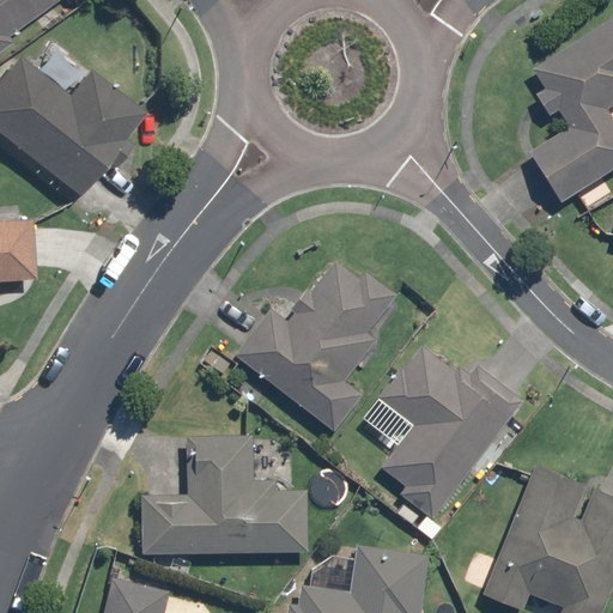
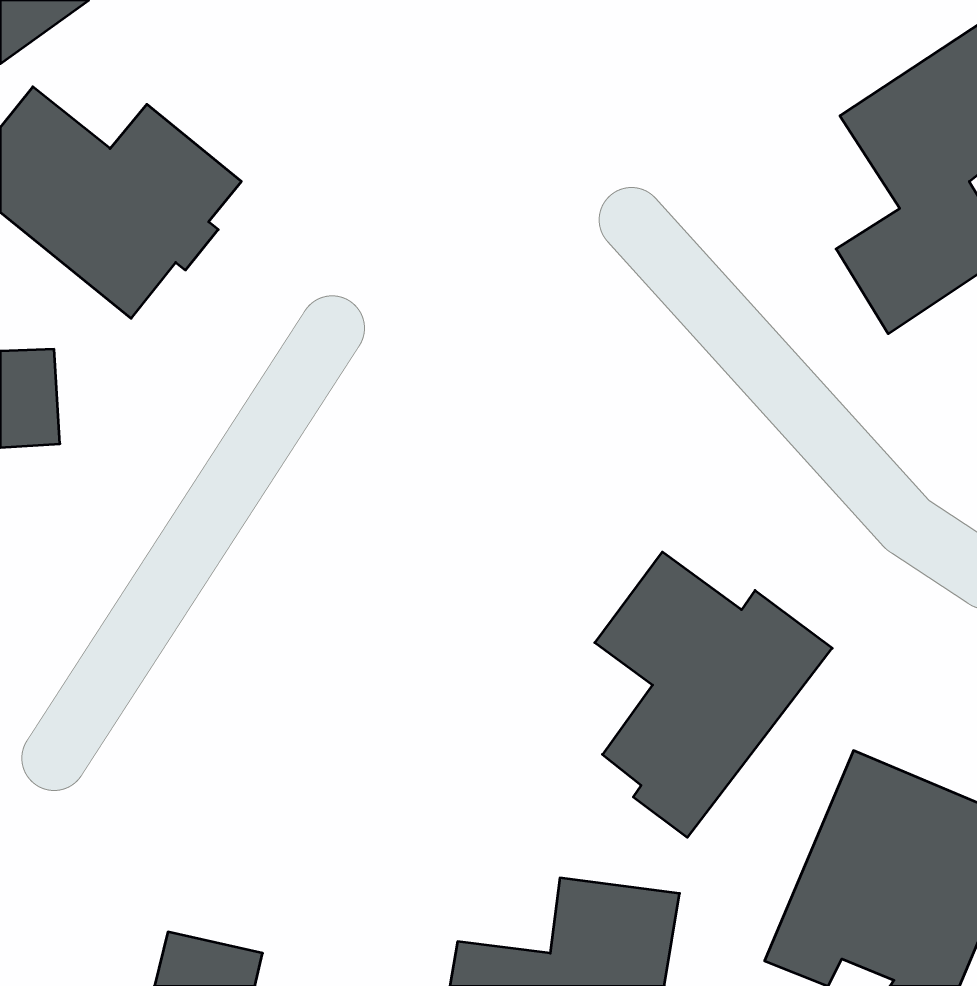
building: [233,262,395,435] -> none
building: [140,437,306,557] -> none

